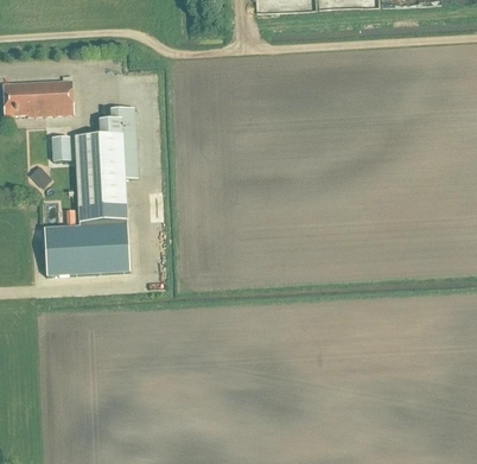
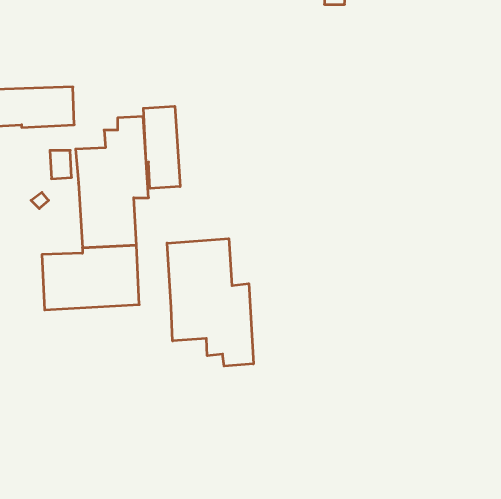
building: none -> [143,106,180,188]
building: none -> [167,239,253,366]

